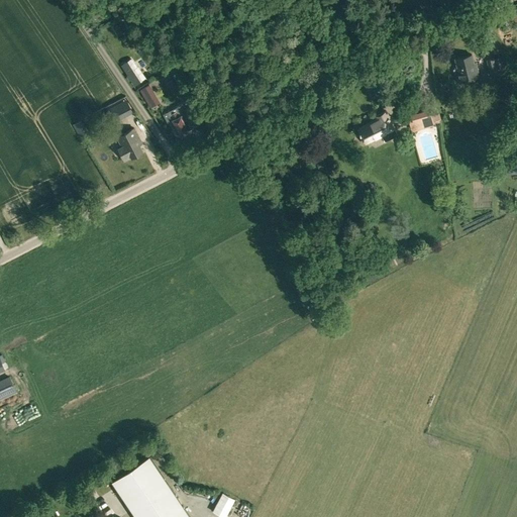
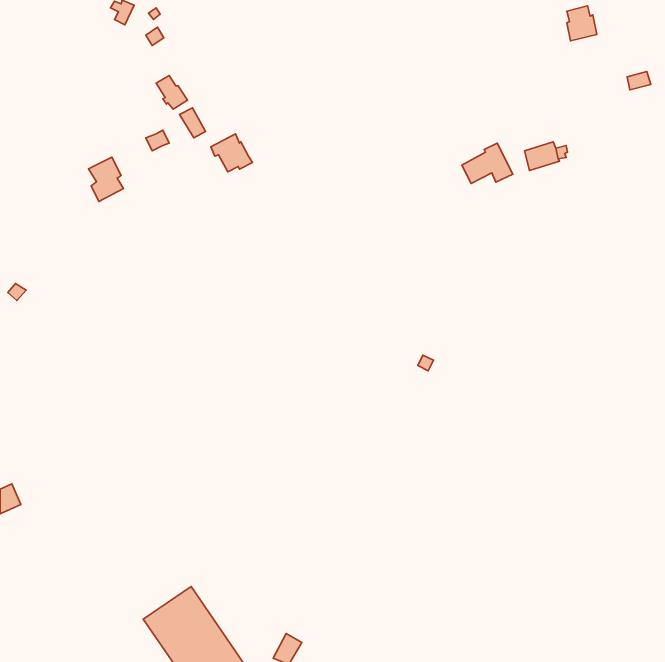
building: [455,57,479,84] -> [567,6,597,41]
building: [116,129,143,164] -> [89,157,124,201]

